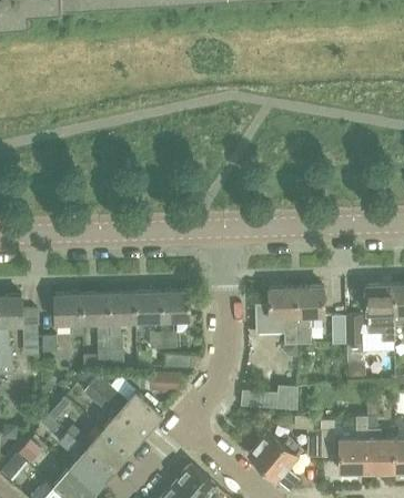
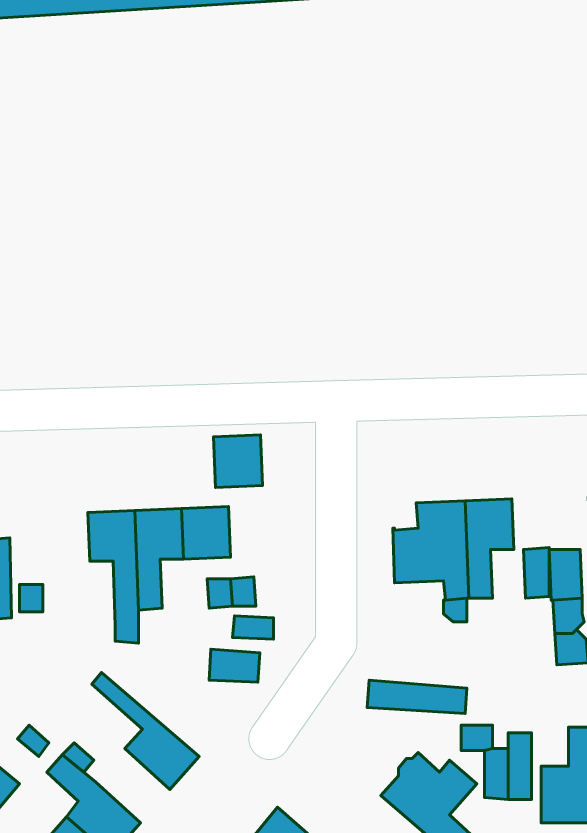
building: [161,291,189,321] -> [214,435,262,488]
building: [54,295,83,335] -> none
building: [89,377,161,434] -> none
building: [85,429,128,471] -> none

